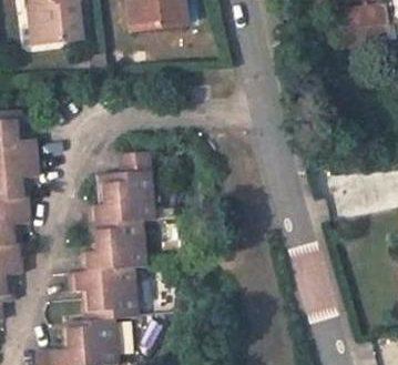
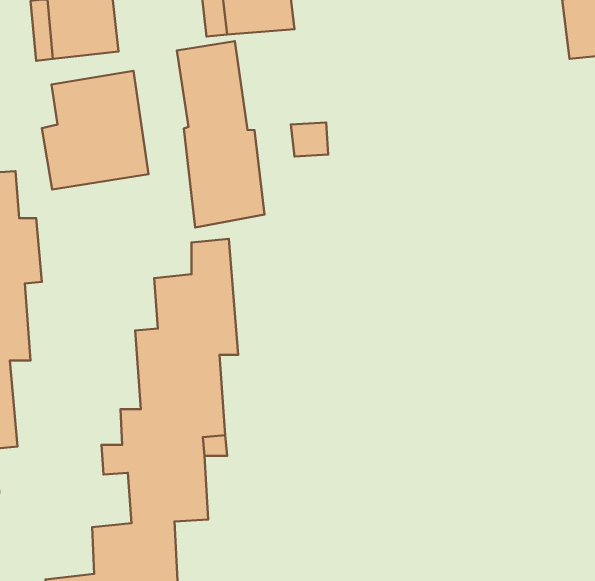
building: none -> [177,41,265,227]
building: none -> [42,71,148,190]

